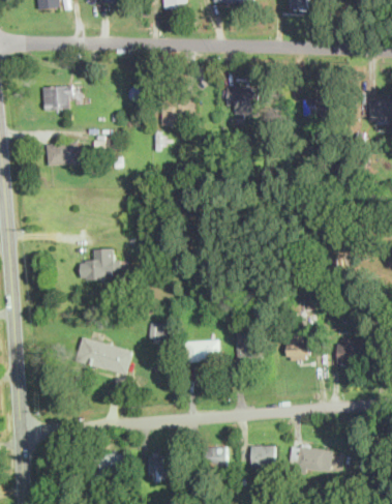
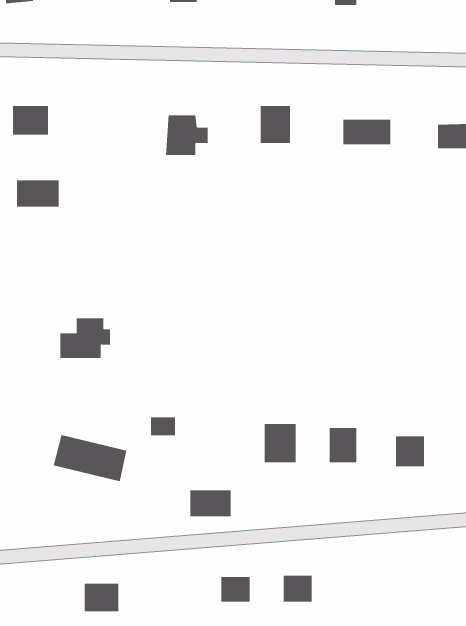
building: [187,342,219,362] -> [189,490,231,517]
building: [289,446,333,473] -> none
building: [149,453,174,476] -> none

